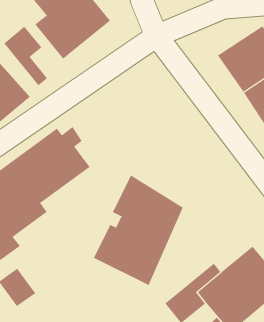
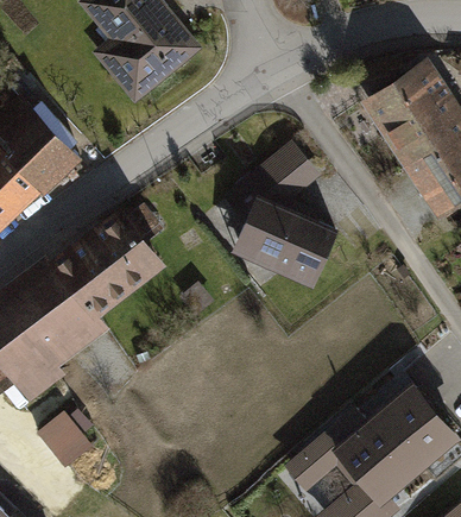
building: [4,26,48,86] -> none
building: none -> [226,141,341,289]
building: [93,174,183,286] -> none

